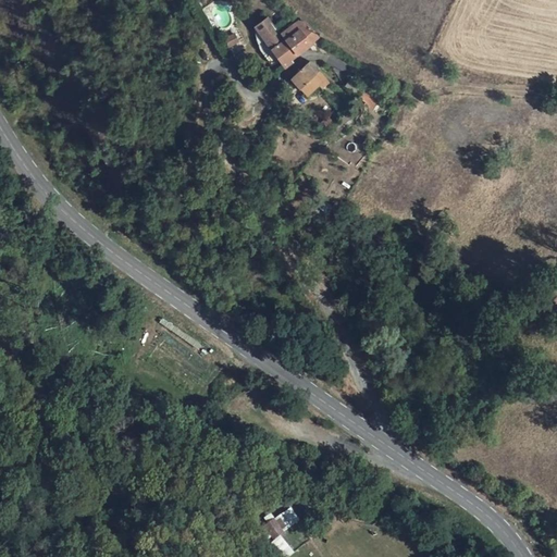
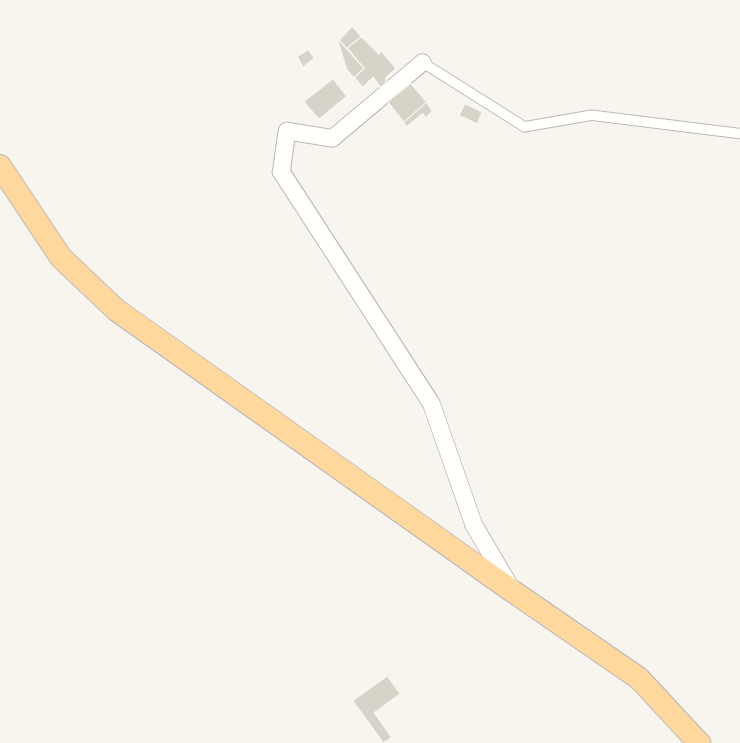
building: [284,23,320,51] -> none
building: none -> [303,79,347,120]

